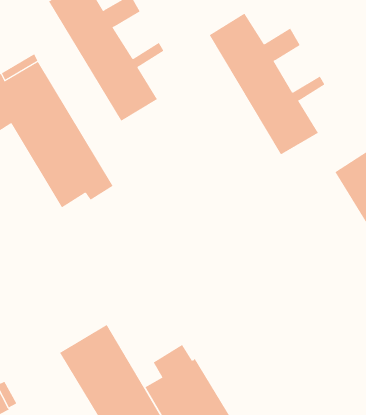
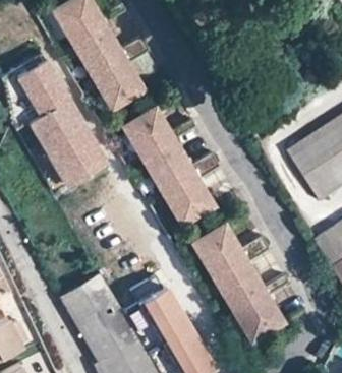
building: [209,13,325,155] -> [124,107,220,224]
building: none -> [194,223,290,339]

